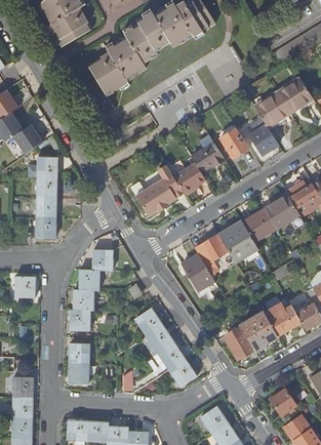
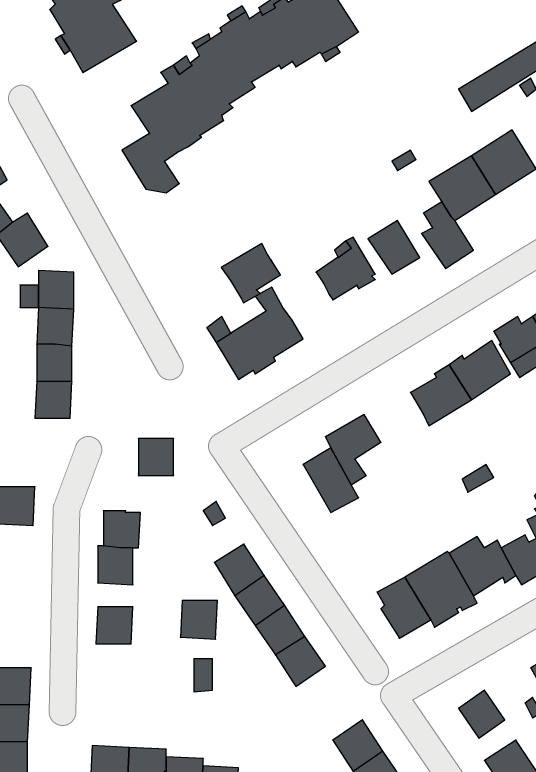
building: [172,163,205,196] -> [221,244,280,303]
building: [218,221,256,259] -> none
building: [79,269,98,290] -> none
building: [68,363,88,385] -> [180,600,217,639]

